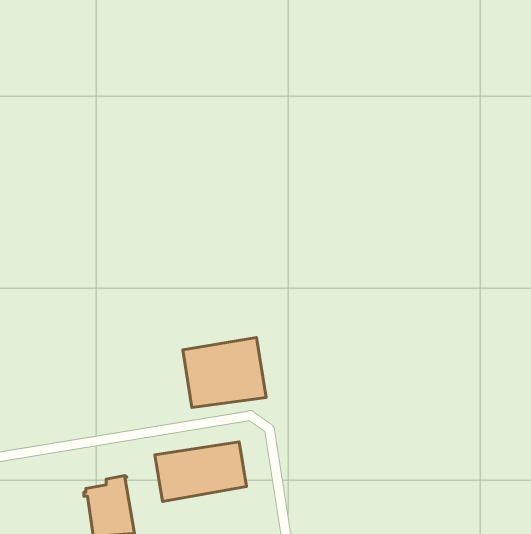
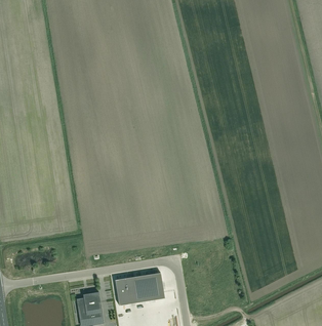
building: [183,338,266,407] -> none

